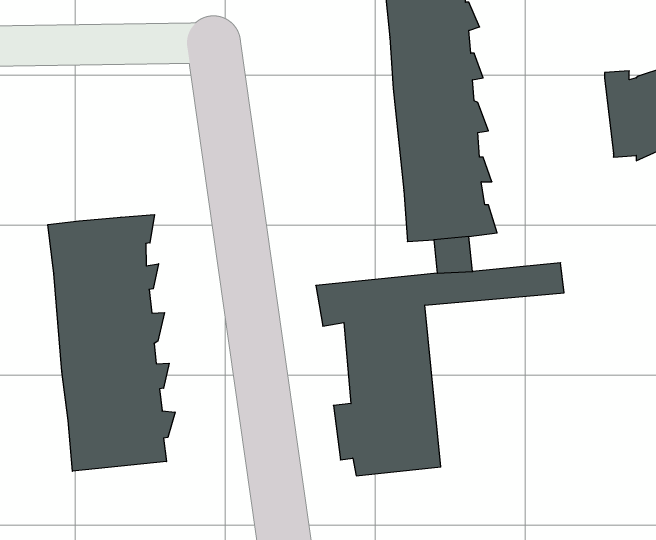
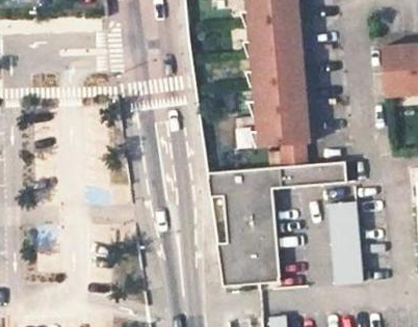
building: [48,215,175,471] -> none
building: none -> [334,198,369,281]

